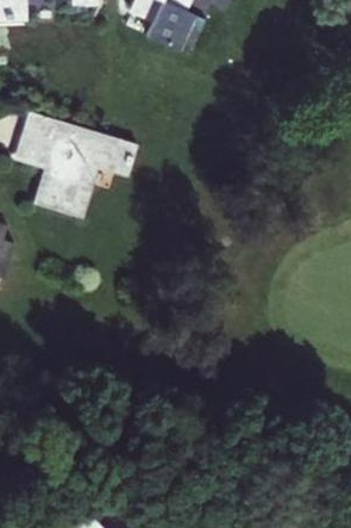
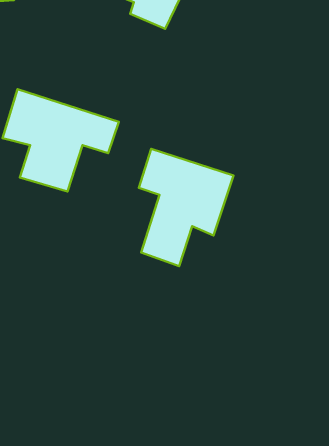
building: none -> [139,149,233,266]

